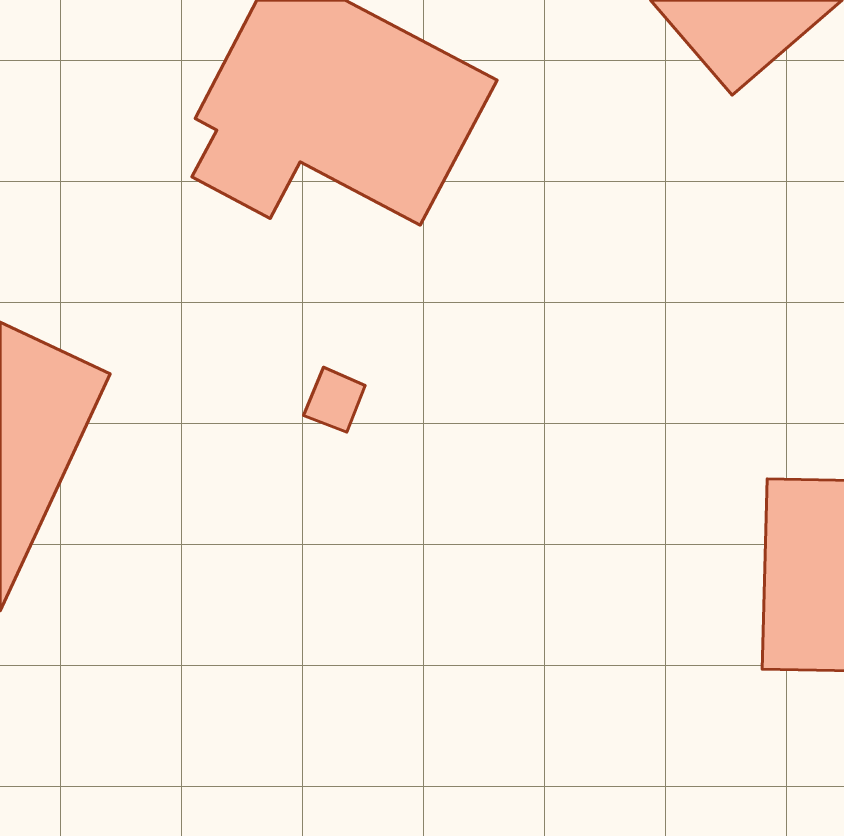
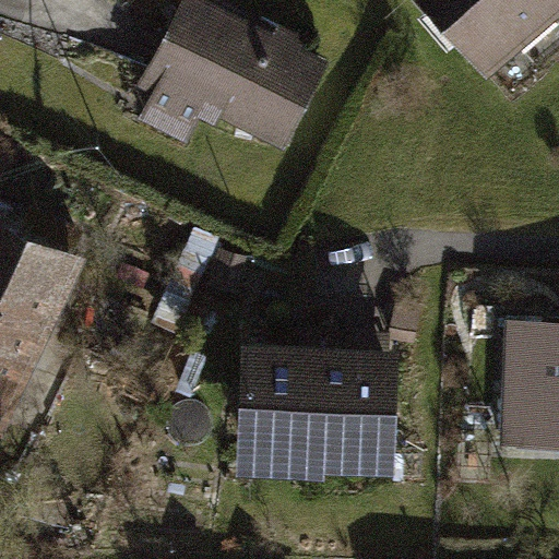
building: none -> [246,338,393,466]

